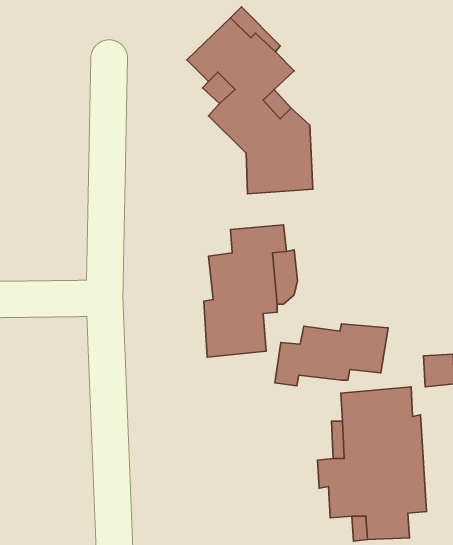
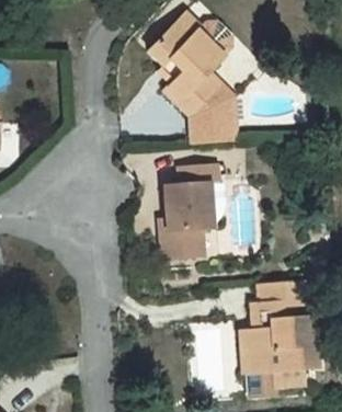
building: [275,324,388,386] -> none

